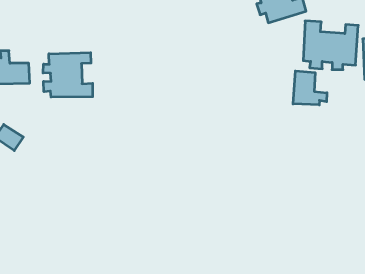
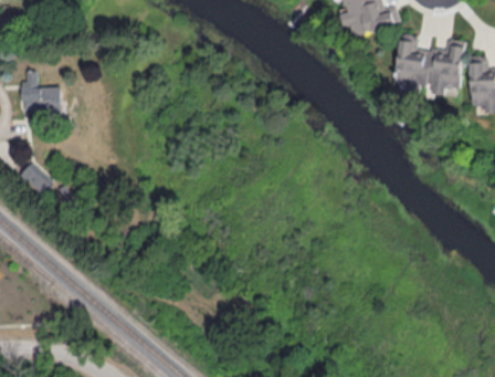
building: [43,53,93,97] -> none
building: [293,71,327,105] -> none

